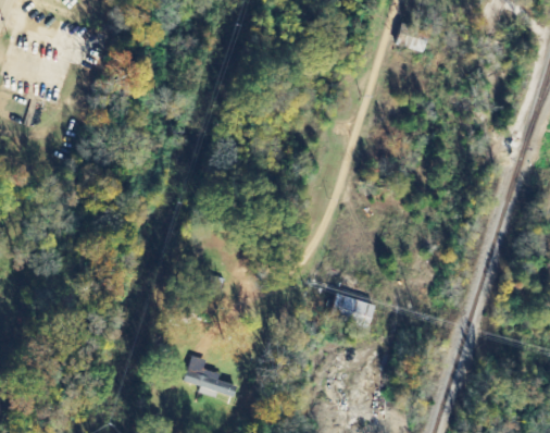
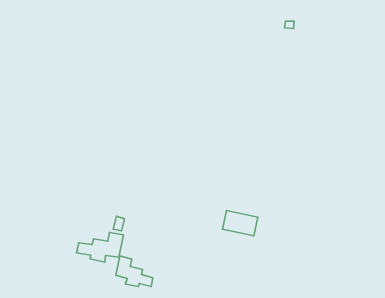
building: none -> [77,233,124,262]

